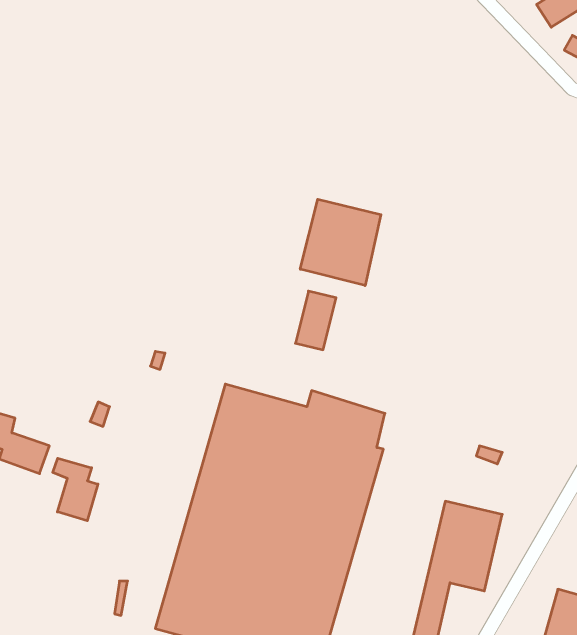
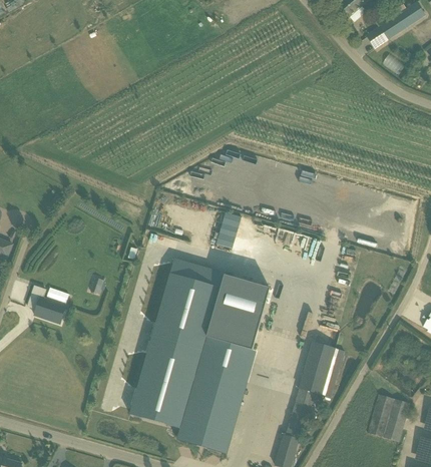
building: [300,199,381,286] -> none
building: [53,458,98,521] -> none

